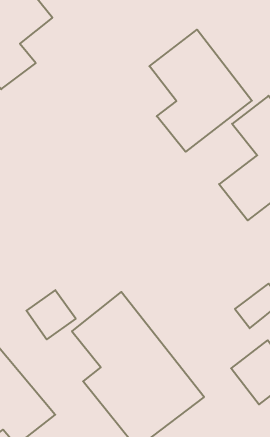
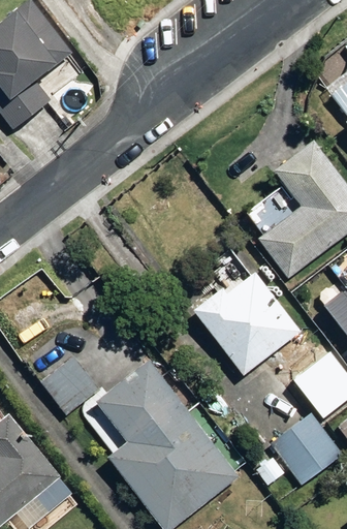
building: [149,30,252,152] -> none
building: none -> [191,273,301,377]

